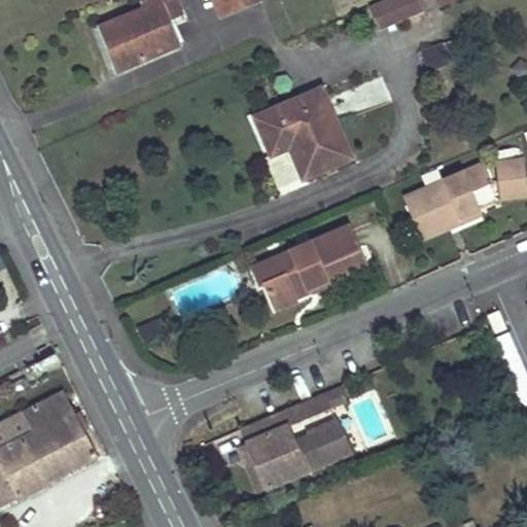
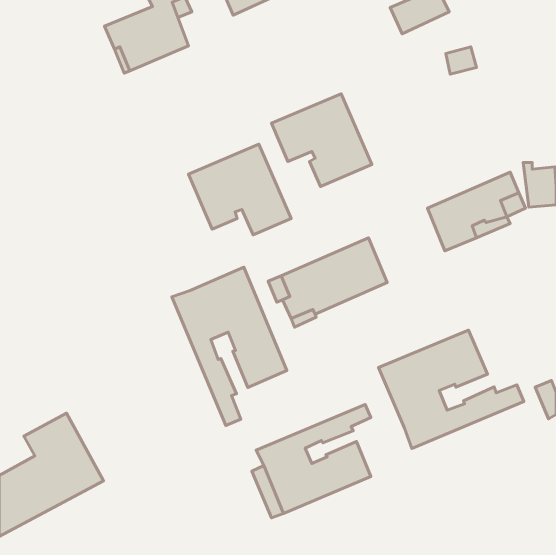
building: none -> [188,144,291,235]
building: none -> [172,267,287,425]
building: none -> [378,330,524,448]

